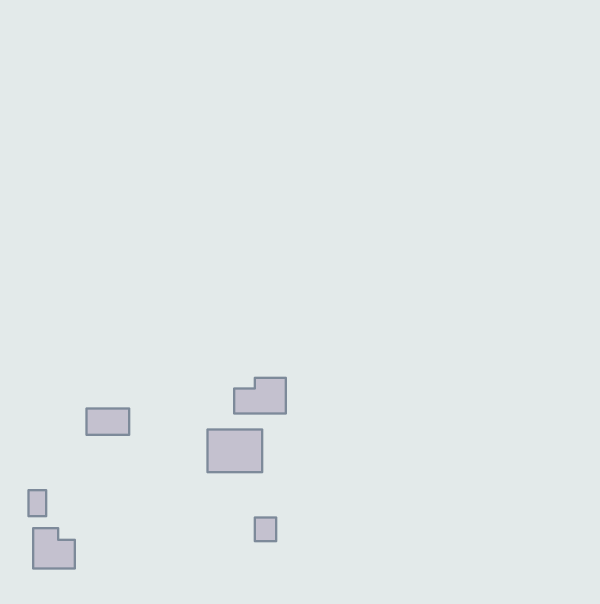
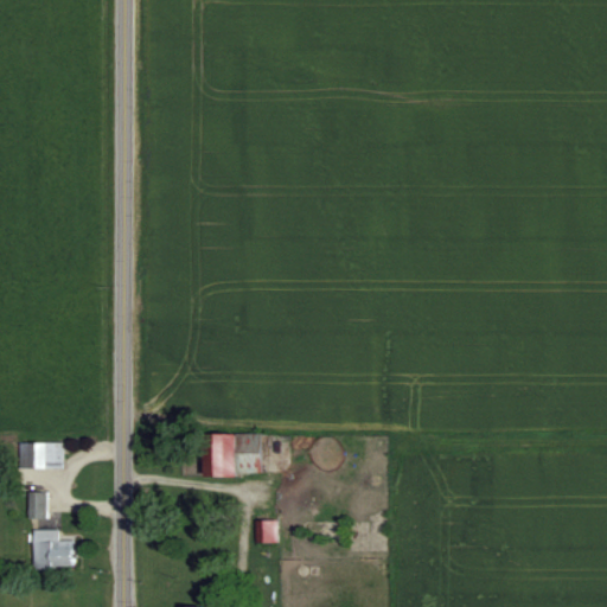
building: [234,378,286,413] -> none
building: [87,409,129,435] -> [19,443,62,469]

